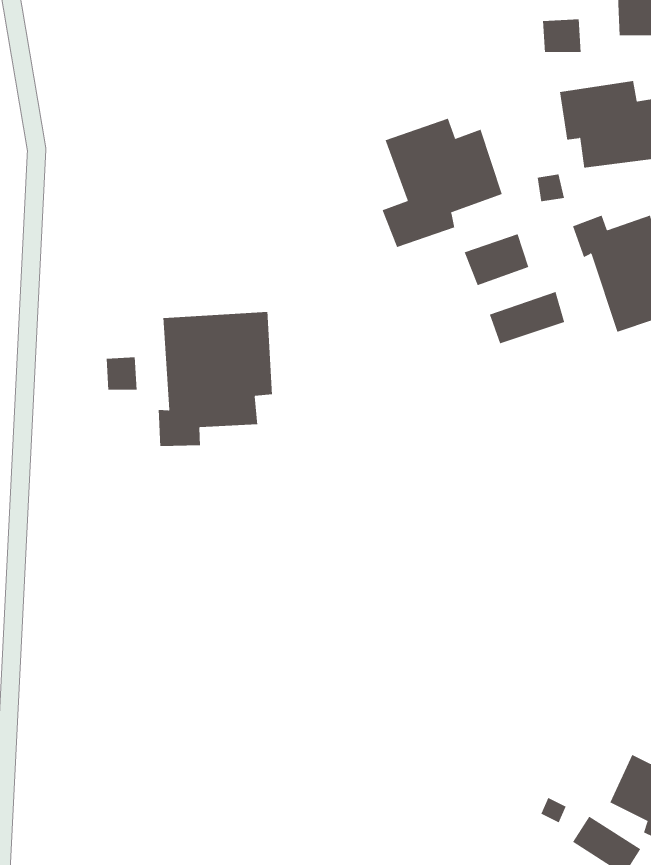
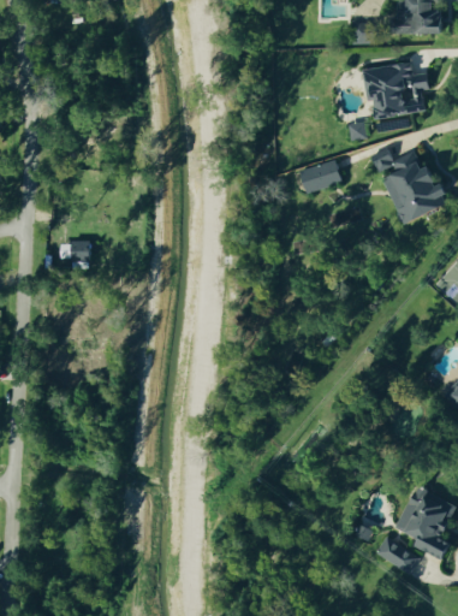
building: [382,118,502,248] -> none
building: [489,291,565,344] -> none
building: [158,311,273,447] -> none

